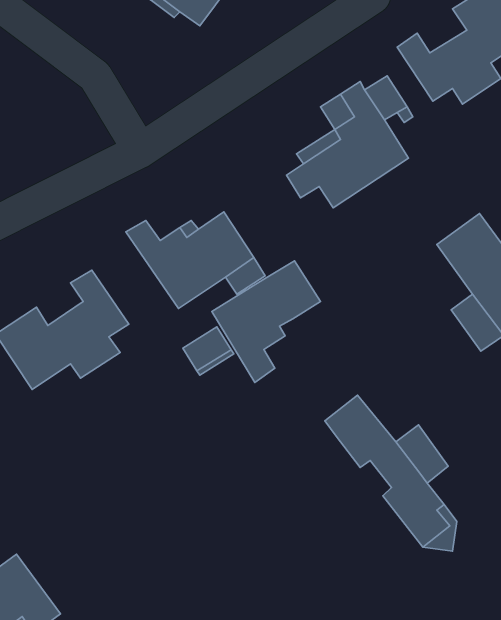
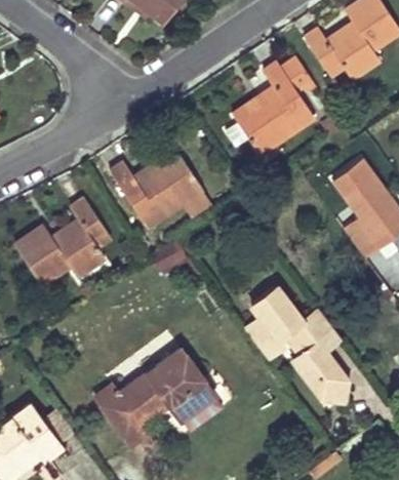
building: [212,261,321,382] -> none
building: none -> [244,318,301,362]
building: none -> [94,349,213,445]

